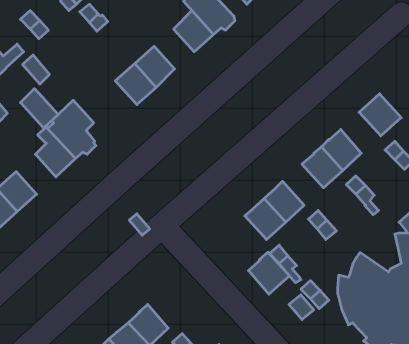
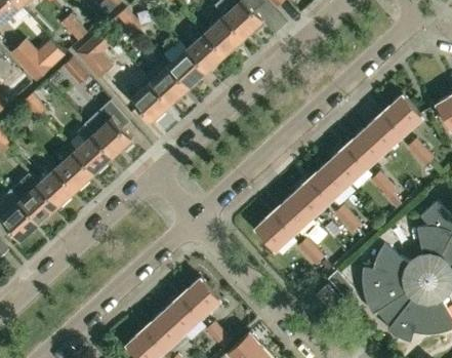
building: none -> [188,33,225,71]
building: none -> [131,82,171,122]
building: [20,89,58,128] -> [76,41,112,78]
building: none -> [365,112,403,151]
building: none -> [56,152,94,190]
building: none -> [310,161,348,200]
building: [248,252,289,294] -> [255,210,294,250]
building: none -> [181,278,220,317]

